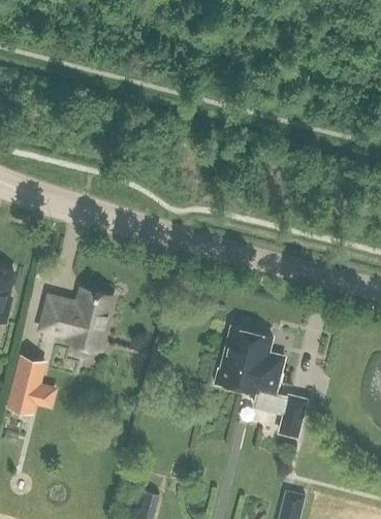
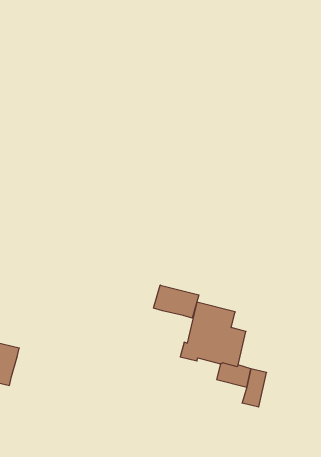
building: [41,289,112,343] -> none
building: none -> [153,285,199,318]

